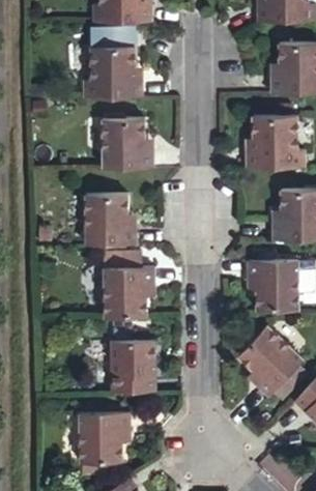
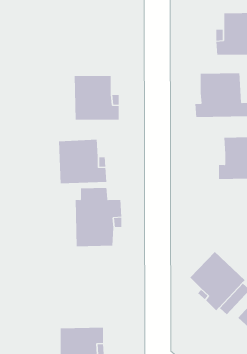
building: [81,45,145,97] -> none
building: [246,261,297,309] -> none
building: [109,339,155,394] -> none

